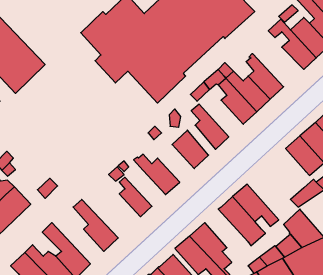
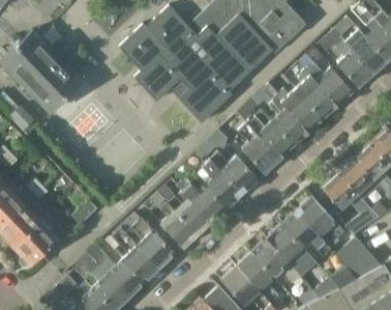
building: none -> [294,57,352,106]
building: none -> [246,116,294,160]
building: none -> [201,159,241,208]
building: none -> [322,172,369,215]
building: none -> [167,195,210,234]
building: none -> [298,198,343,249]
building: none -> [120,218,175,269]
building: none -> [252,237,302,284]
building: none -> [88,245,144,297]

